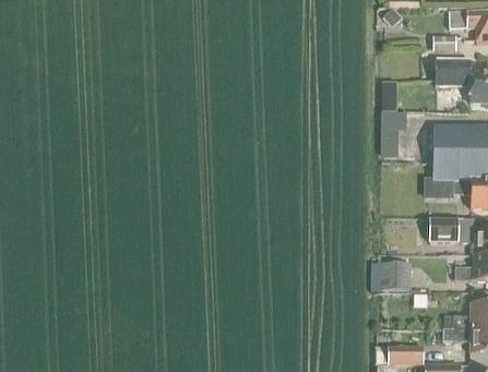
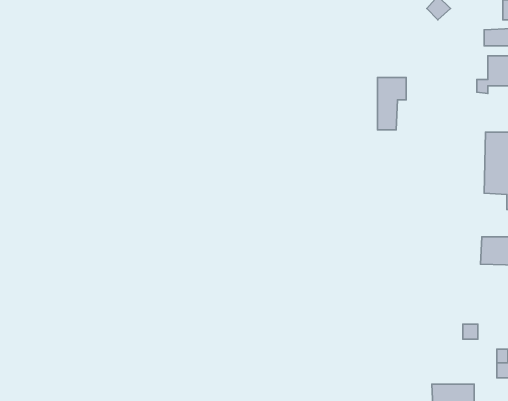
building: [381,111,406,157] -> [377,77,406,130]
building: [381,262,412,289] -> none

